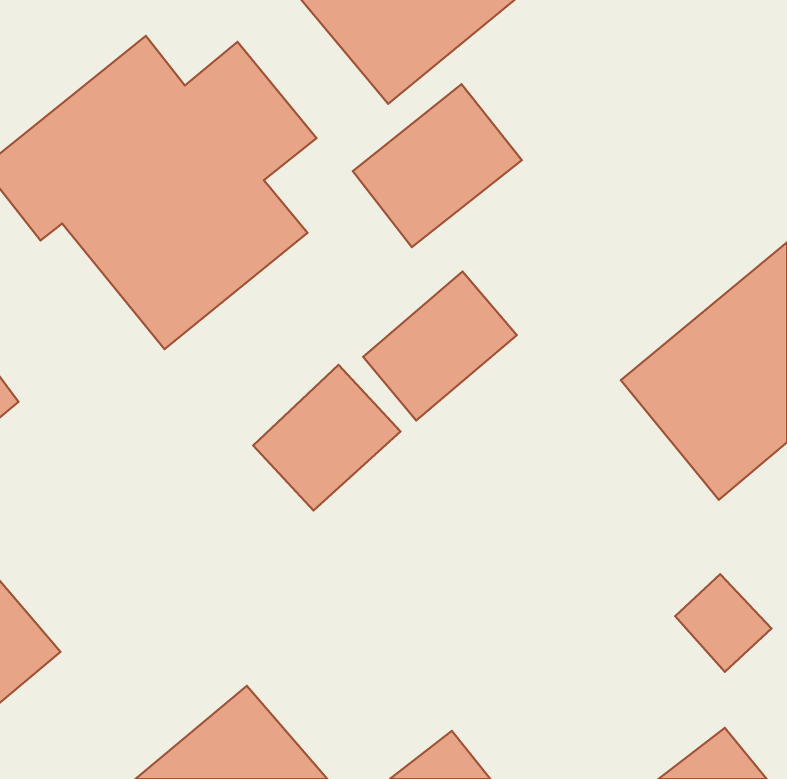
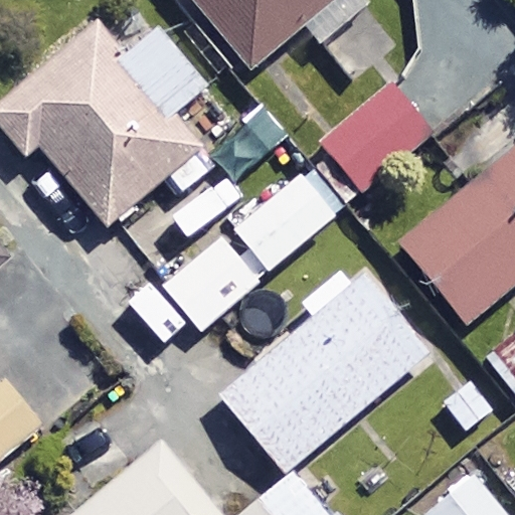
building: [353,84,522,247] -> [322,83,432,189]
building: none -> [221,261,430,472]

